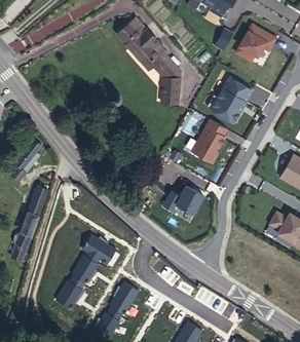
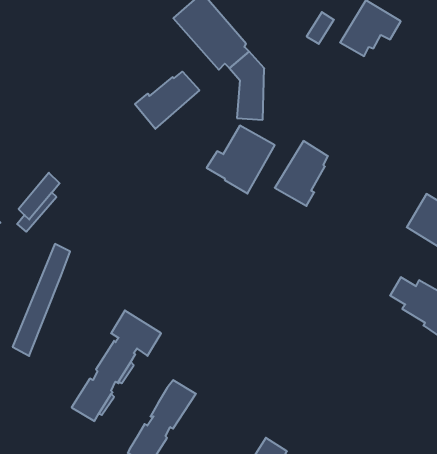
building: none -> [135,72,199,129]
building: [204,76,251,122] -> [207,126,275,194]
building: [160,185,201,212] -> none

